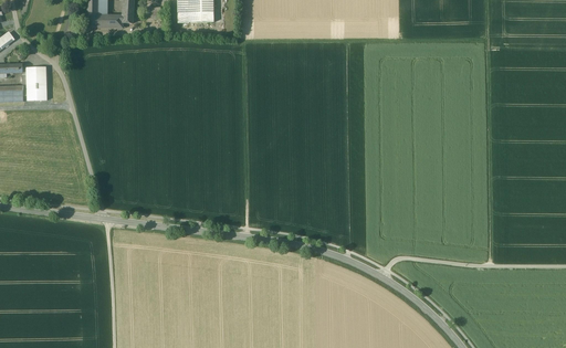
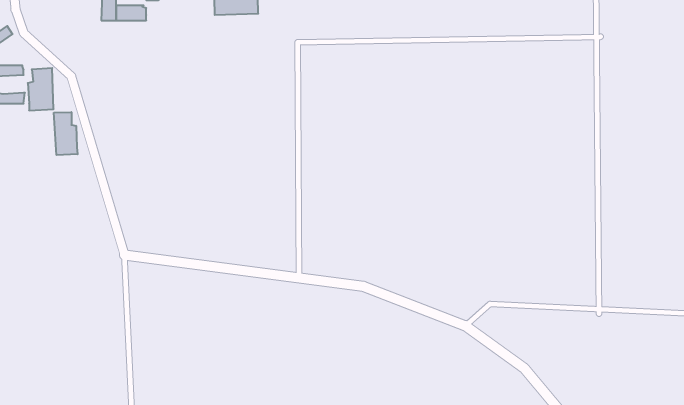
building: none -> [54,112,78,155]

